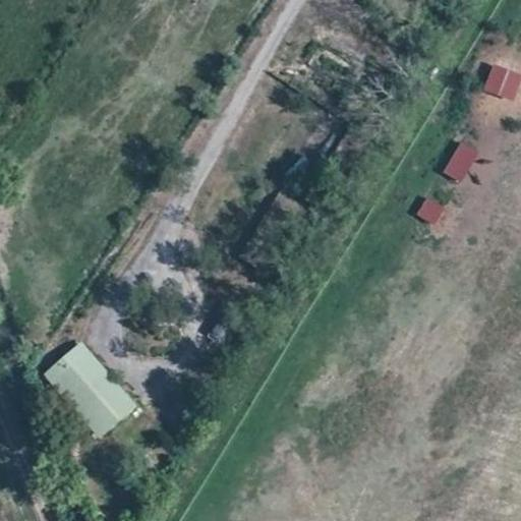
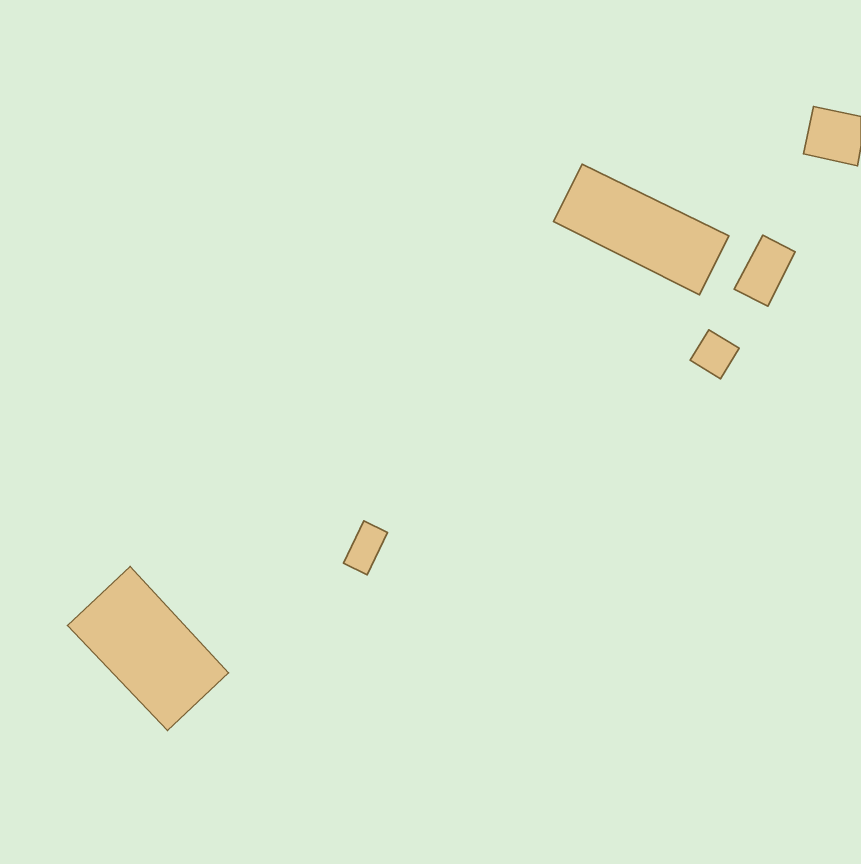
building: none -> [554,164,729,295]

